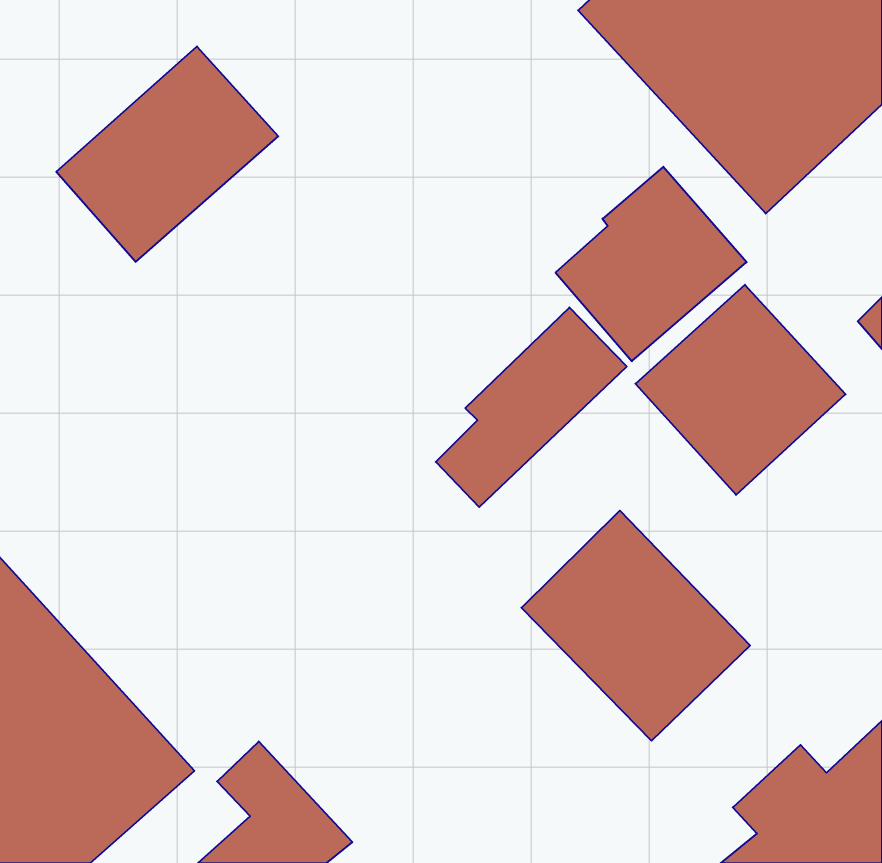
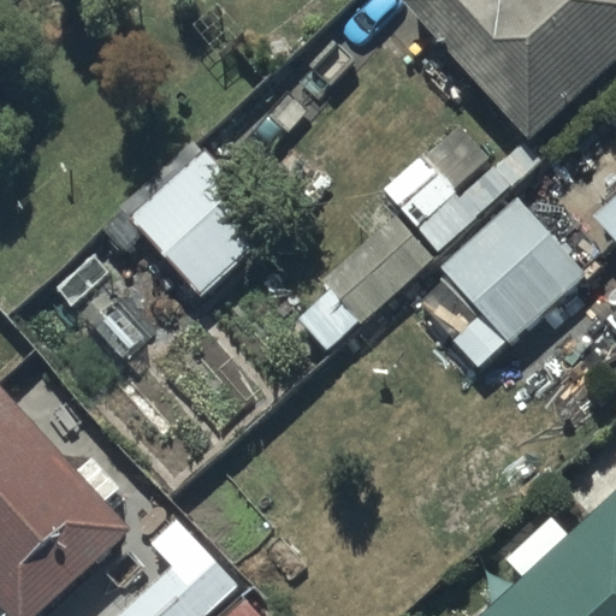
building: [56,46,278,262] -> none
building: none -> [128,152,274,297]
building: [521,511,750,741] -> none

